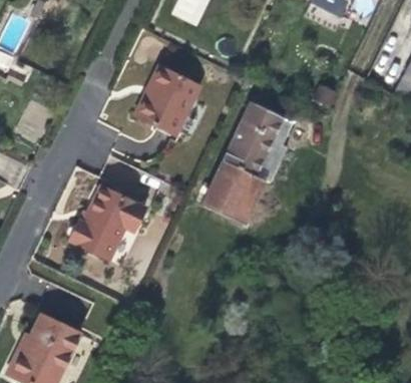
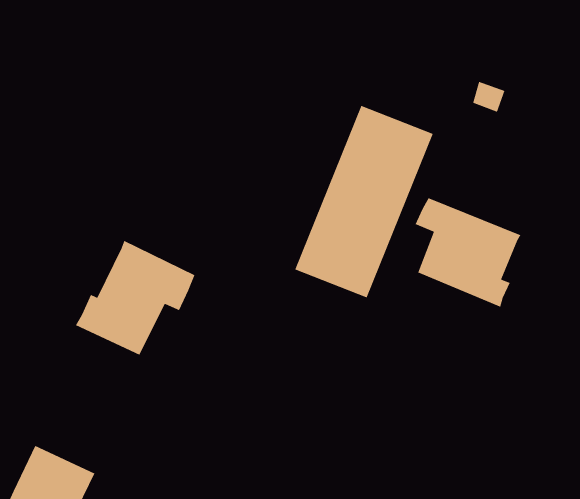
building: [133,63,203,136] -> none
building: none -> [415,197,521,308]

